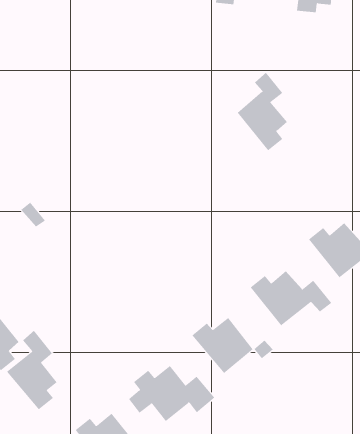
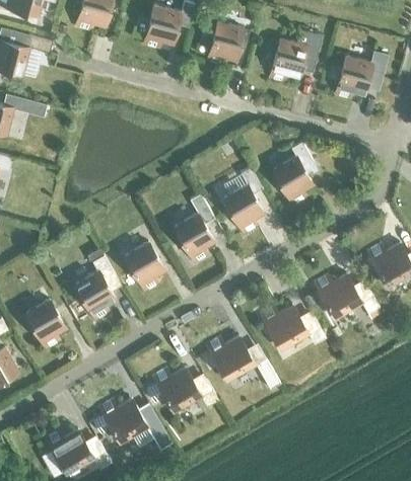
building: none -> [223,184,264,234]
building: none -> [175,197,217,262]
building: none -> [125,242,165,292]
building: [6,330,58,410] -> [75,254,116,320]

